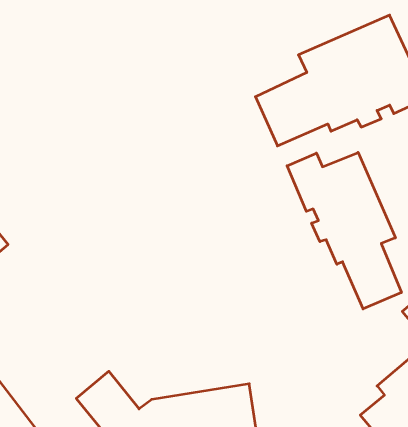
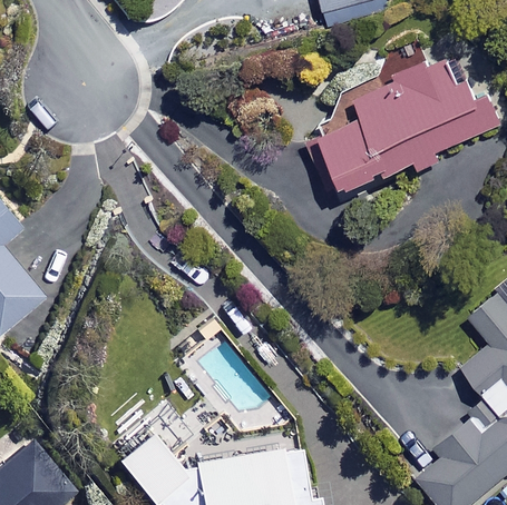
building: [287,152,401,309] -> none

